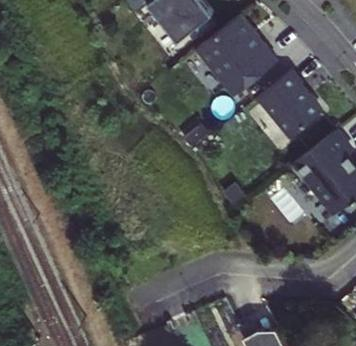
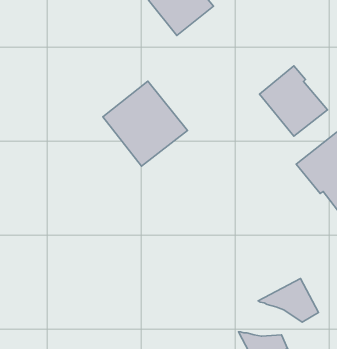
building: [197,15,278,96] -> [103,81,187,166]
building: none -> [258,278,319,322]

